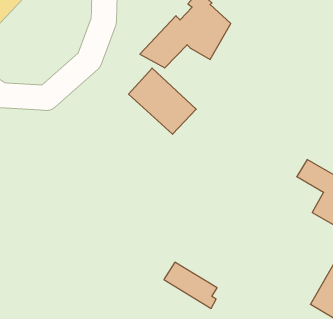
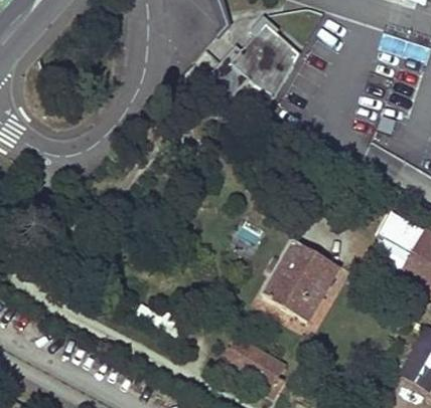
building: [129,68,196,134] -> none
building: none -> [262,237,341,319]

